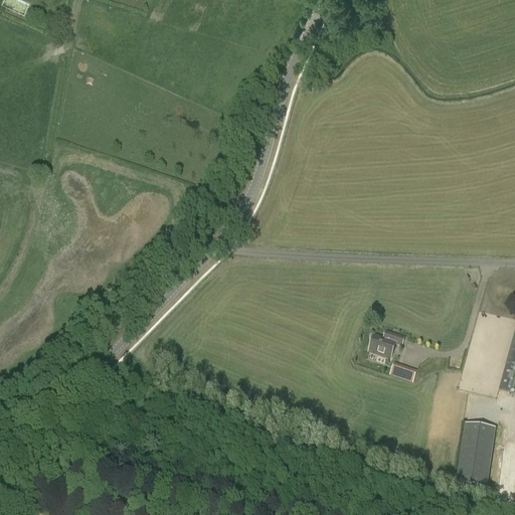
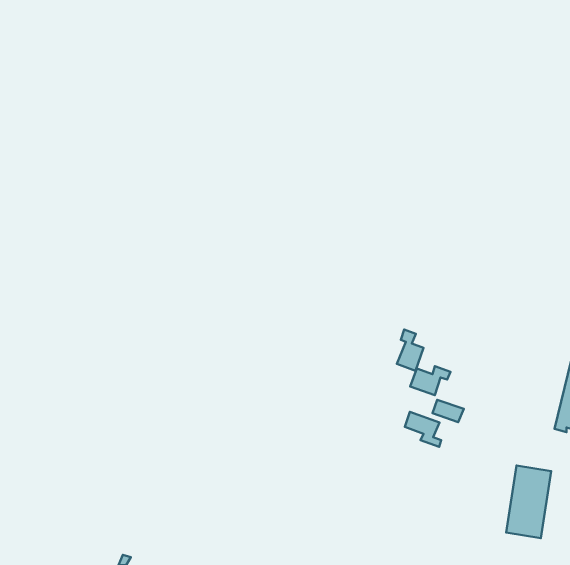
building: none -> [397,329,424,371]
building: none -> [405,412,441,447]

